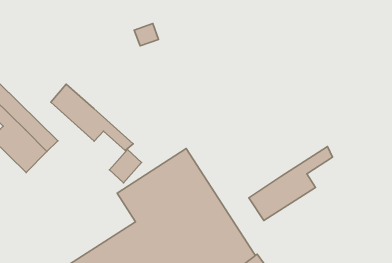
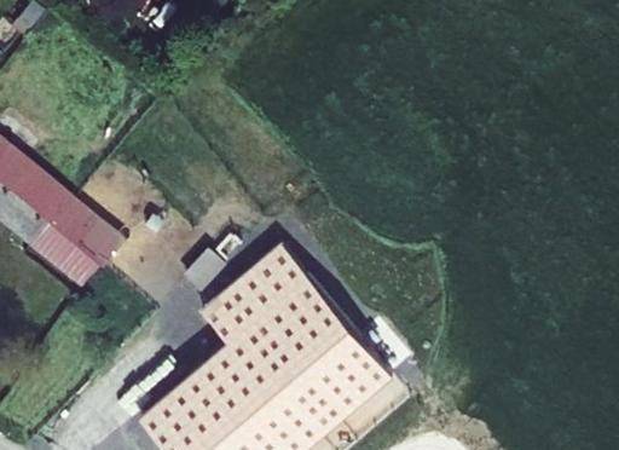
building: [51,84,133,151] -> none
building: [249,146,333,220] -> none

